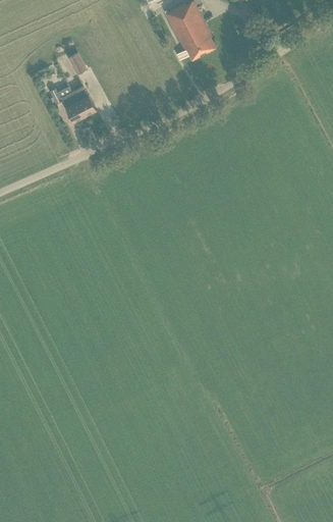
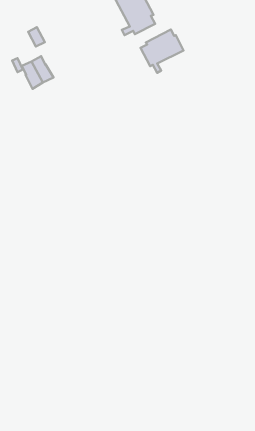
building: none -> [141,30,183,73]

